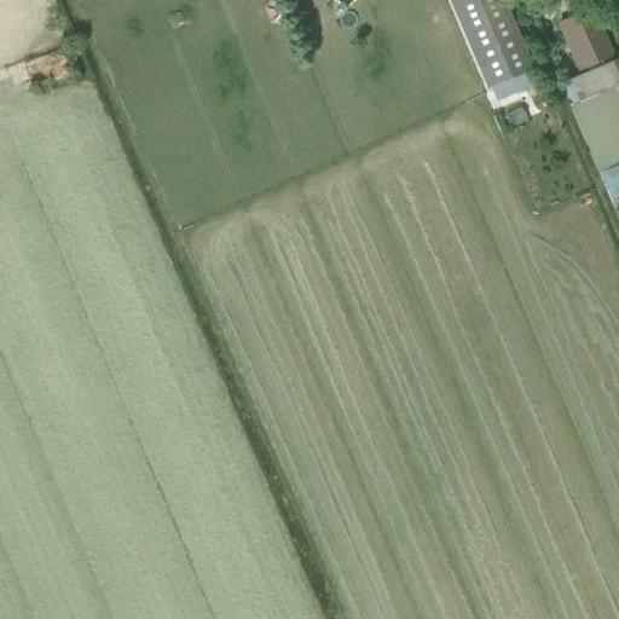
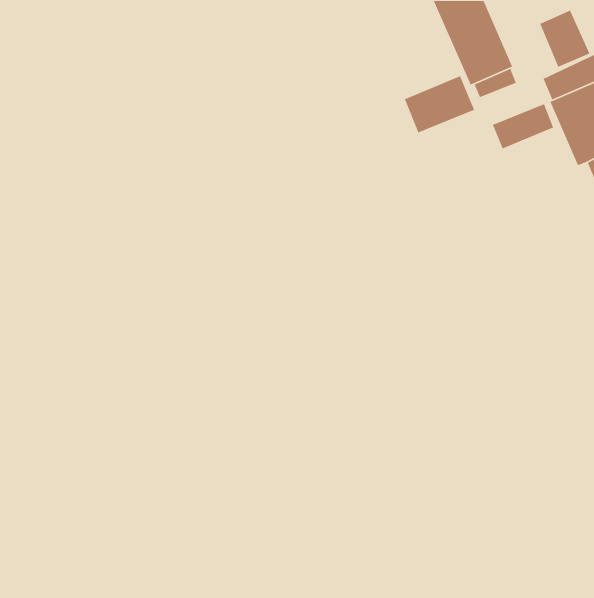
building: none -> [404,75,475,133]
building: none -> [492,103,554,150]

